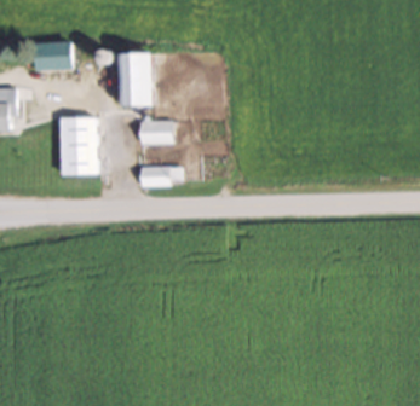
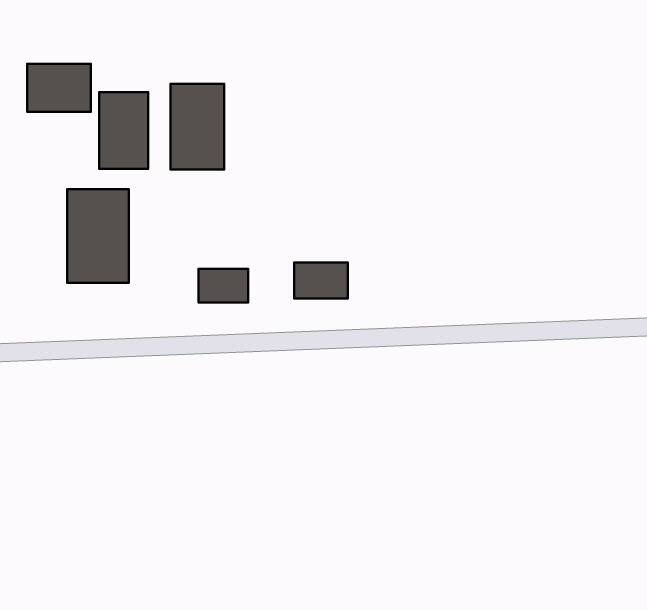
building: none -> [99,92,148,169]
building: [138,121,171,143] -> [294,263,348,298]

